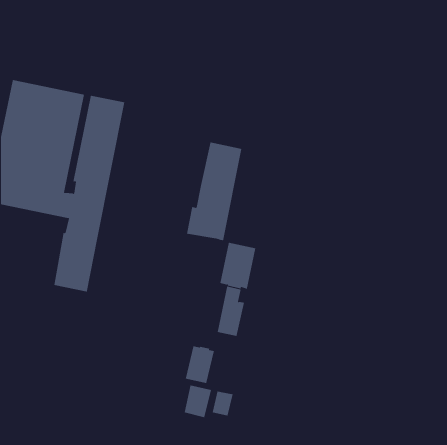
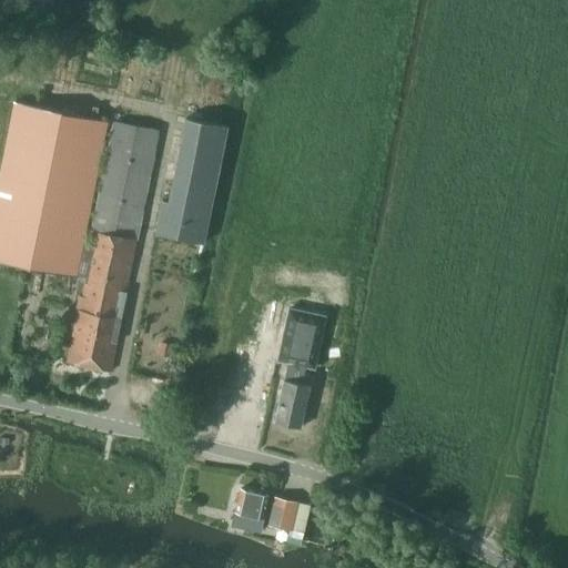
building: [186,142,242,241] -> [156,119,227,244]
building: [185,345,214,384] -> none

